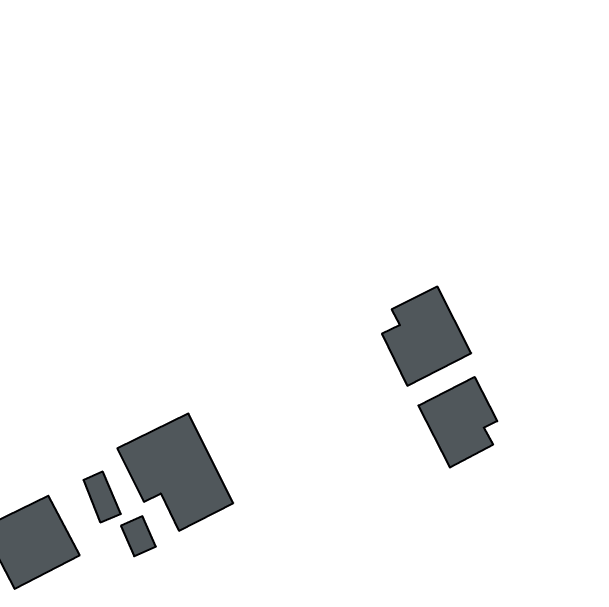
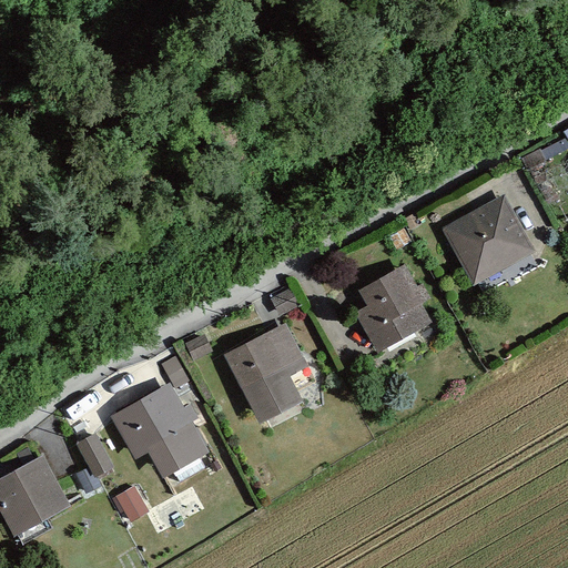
building: none -> [440,193,536,286]
building: none -> [223,320,311,424]
building: [418,377,497,468] -> none

